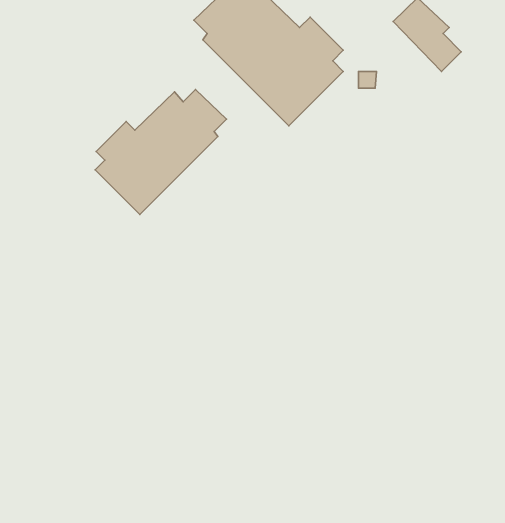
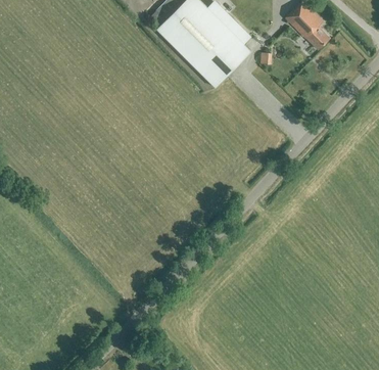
building: [95,89,226,214] -> none

